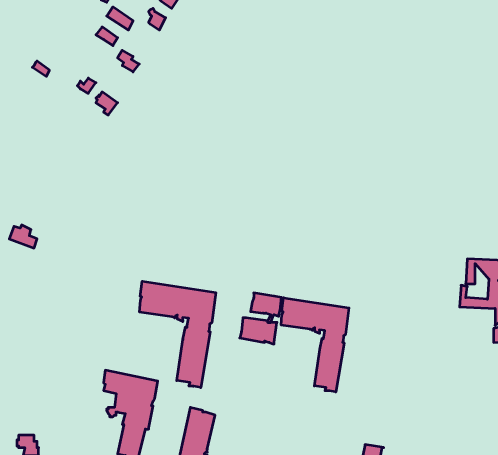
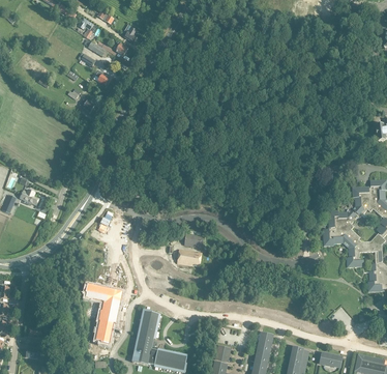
building: [140,281,216,388] -> none
building: [281,298,349,392] -> none

